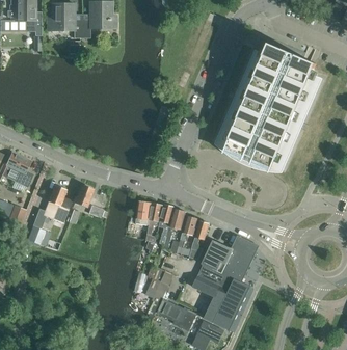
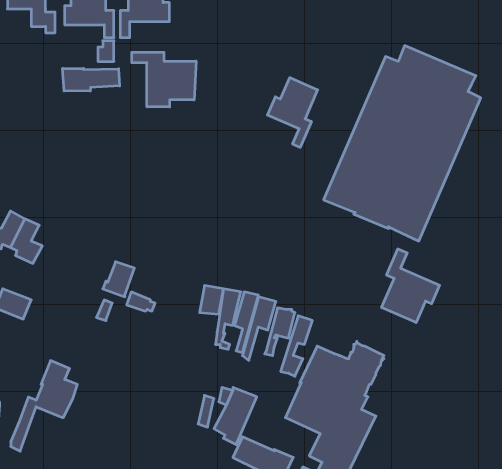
building: none -> [132,52,196,107]
building: none -> [63,68,120,91]
building: none -> [267,78,318,147]
building: none -> [382,249,440,323]
building: [27,185,71,244] -> [11,361,77,451]

